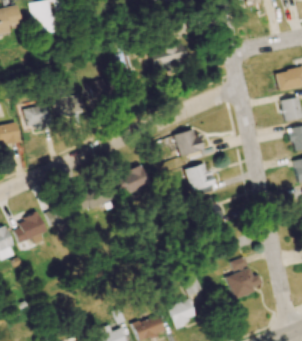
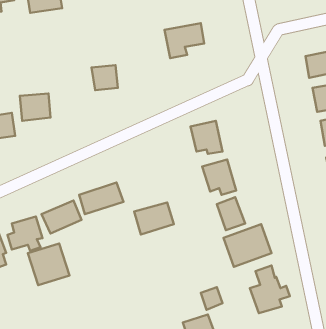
building: [61,95,83,117] -> none
building: [114,167,149,195] -> [134,203,174,234]
building: none -> [224,224,271,267]
building: none -> [28,243,69,285]

